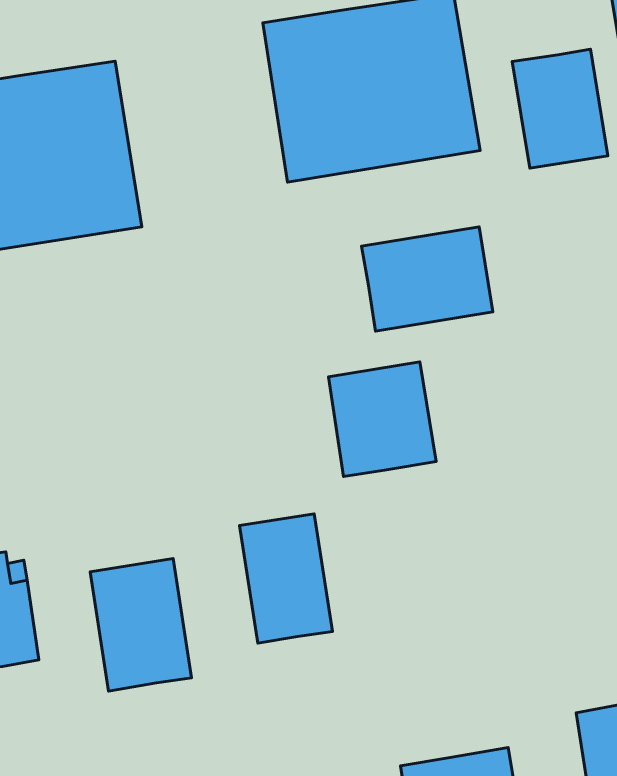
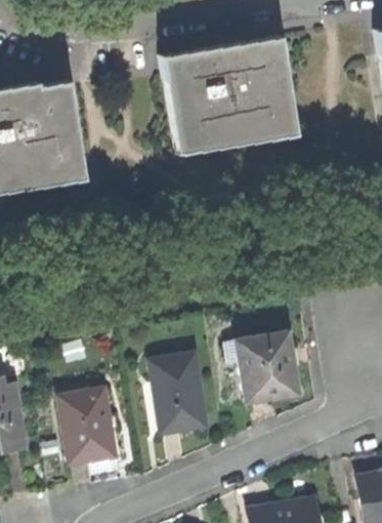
building: [512,49,608,168] -> none
building: [362,227,493,331] -> none
building: [328,362,436,476] -> [235,335,301,406]

